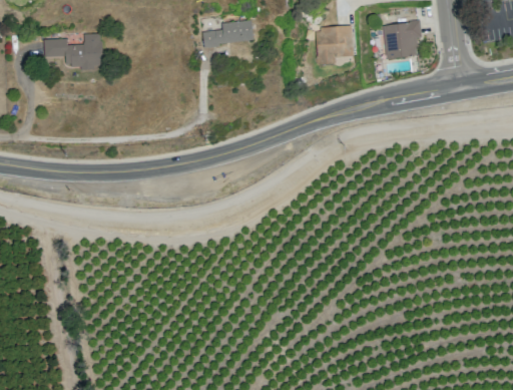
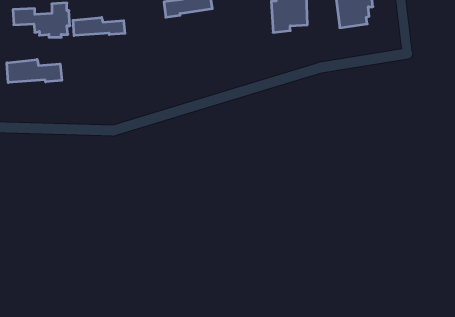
building: none -> [73,17,125,36]
building: none -> [7,59,62,83]

